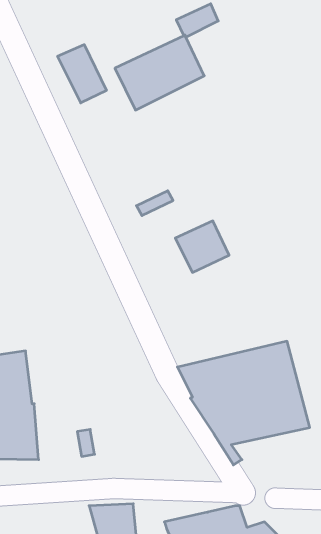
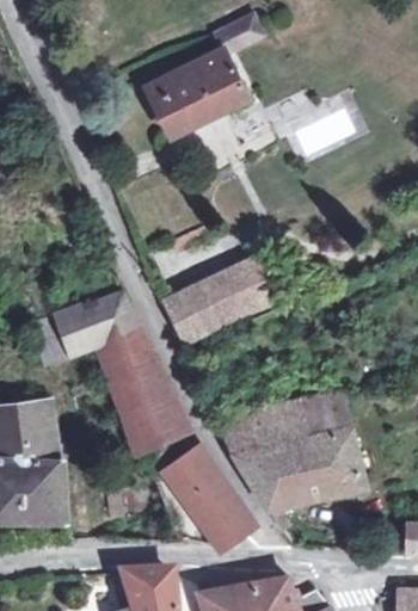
building: [58,45,106,103] -> none
building: none -> [167,277,233,337]
building: none -> [29,291,190,455]
building: none -> [164,446,256,545]

